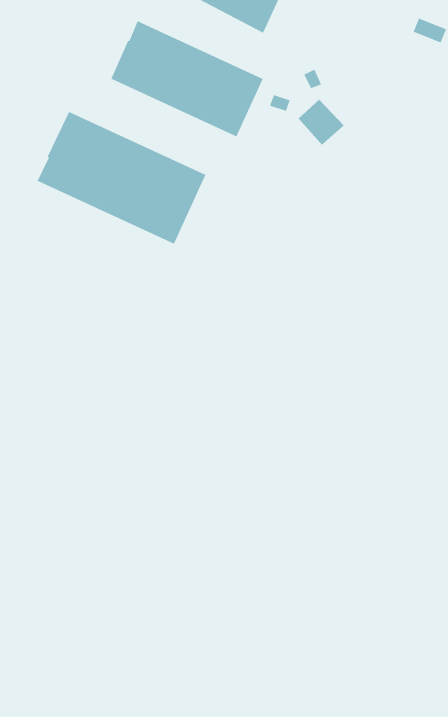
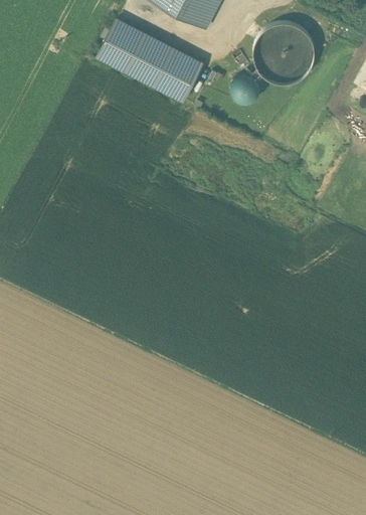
building: none -> [255,23,310,83]
building: [37,111,206,245] -> none

